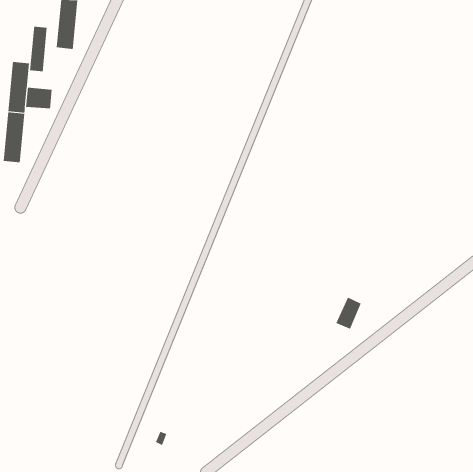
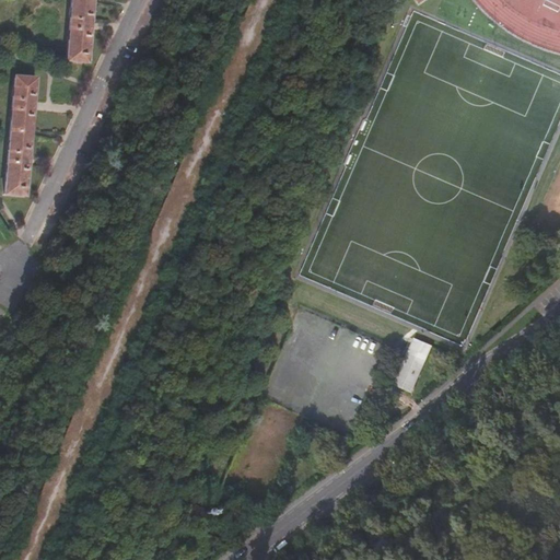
building: [30,26,47,72] -> none
building: [26,87,52,109] -> none

